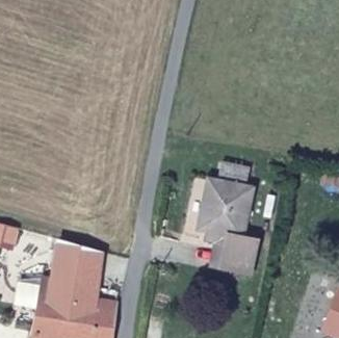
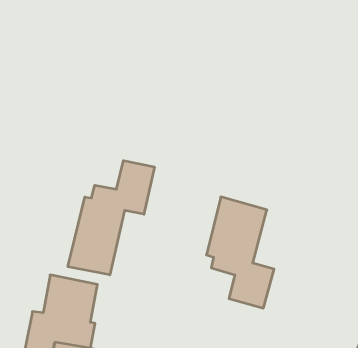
building: none -> [68,161,154,275]

